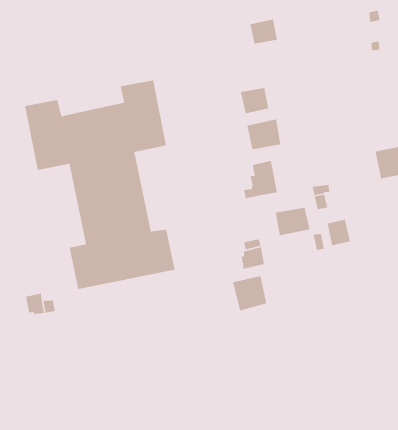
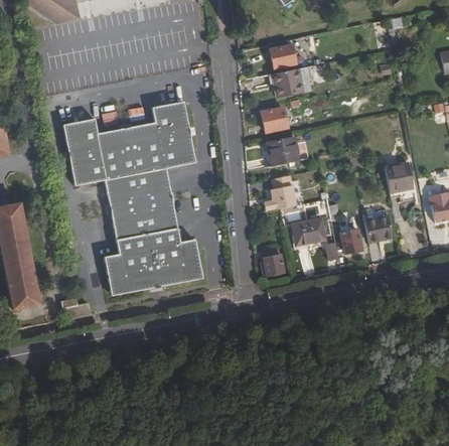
building: none -> [274,69,303,98]
building: none -> [363,207,392,243]
building: [232,275,267,311] -> none

